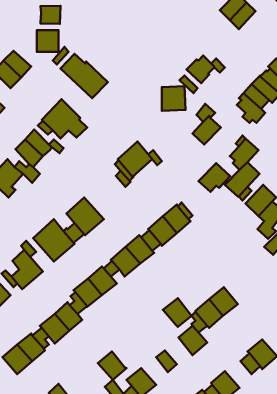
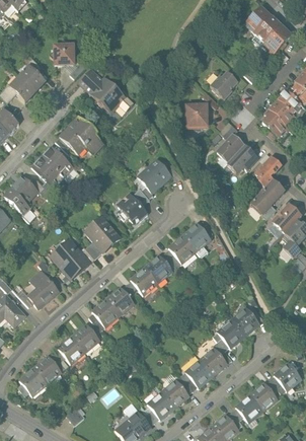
building: [40,6,61,24] -> none
building: none -> [260,23,290,54]
building: [199,163,230,192] -> [225,143,257,172]
building: none -> [117,192,149,224]
building: [163,298,191,327] -> [184,359,214,388]
building: [98,351,127,380] -> [161,378,190,408]
building: none -> [247,381,277,411]

